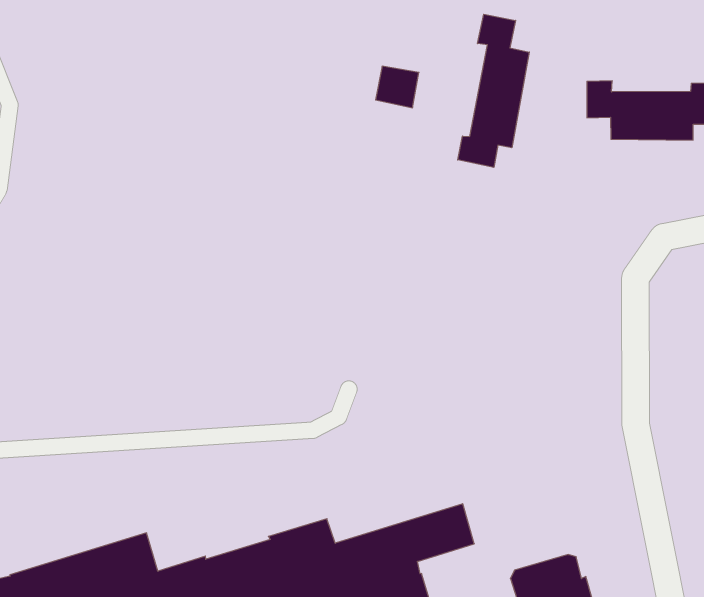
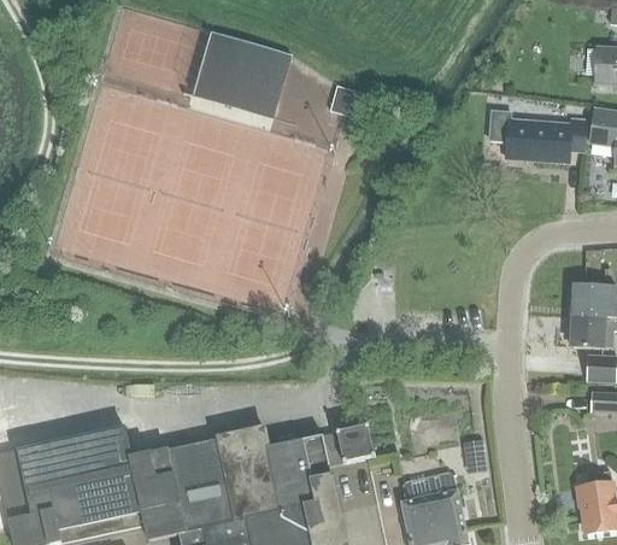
building: none -> [193,31,292,119]
building: [458,14,529,167] -> none

